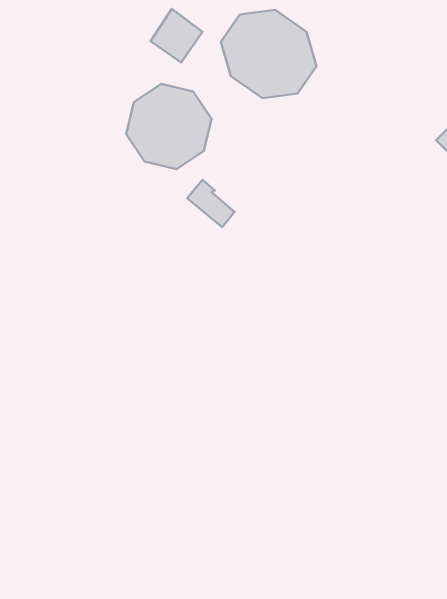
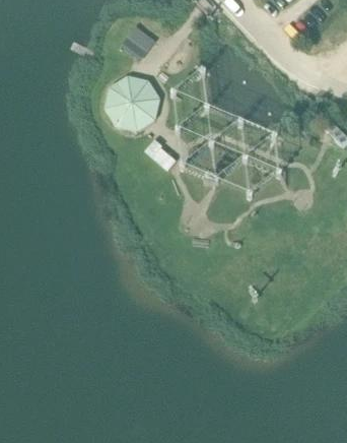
building: [221,10,317,98] -> none

